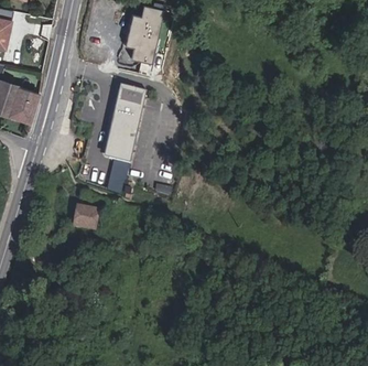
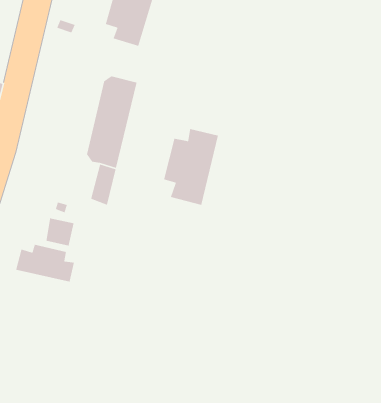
building: none -> [163,128,219,206]
building: none -> [15,244,75,283]

